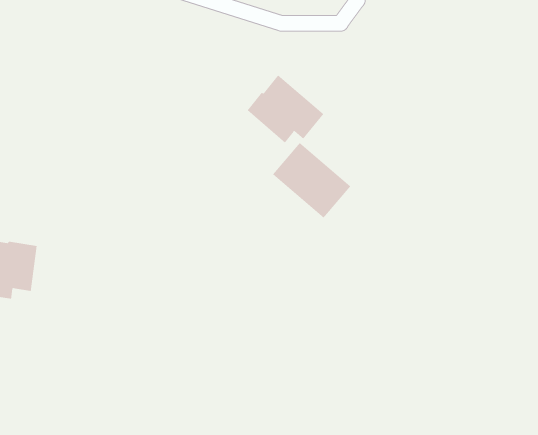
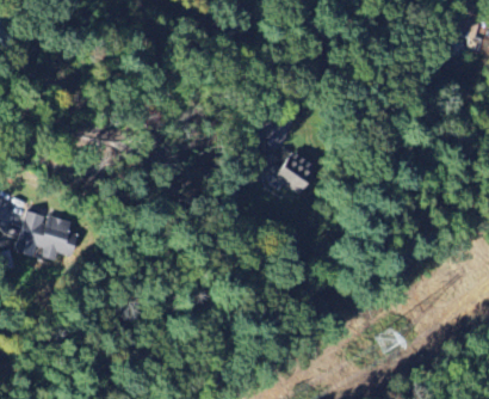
building: [247,75,324,143] -> none

